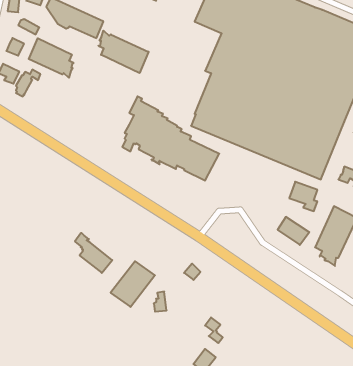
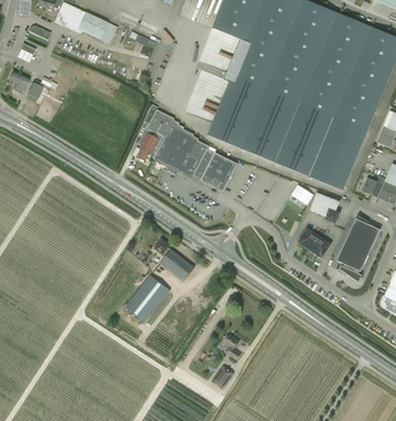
building: [98,31,149,73] -> none
building: [29,38,74,78] -> none
building: [75,233,112,273] -> [155,240,194,281]

